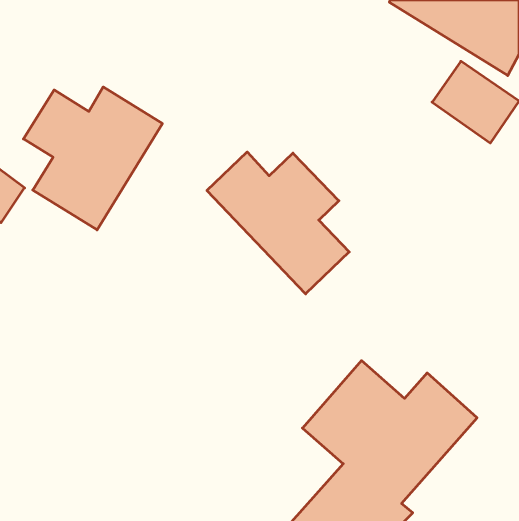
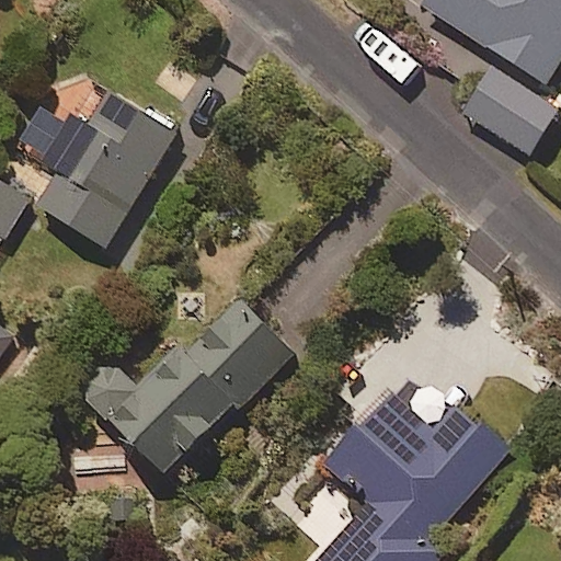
building: [207,152,349,294] -> none
building: none -> [80,289,293,476]

